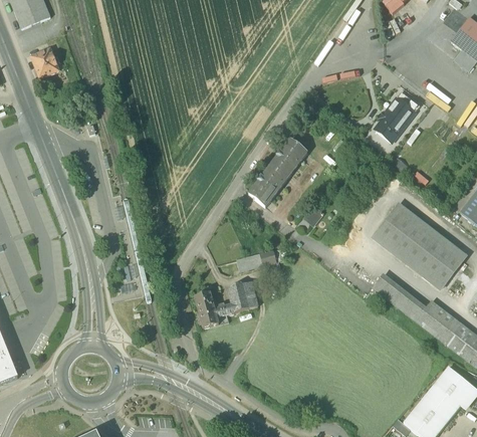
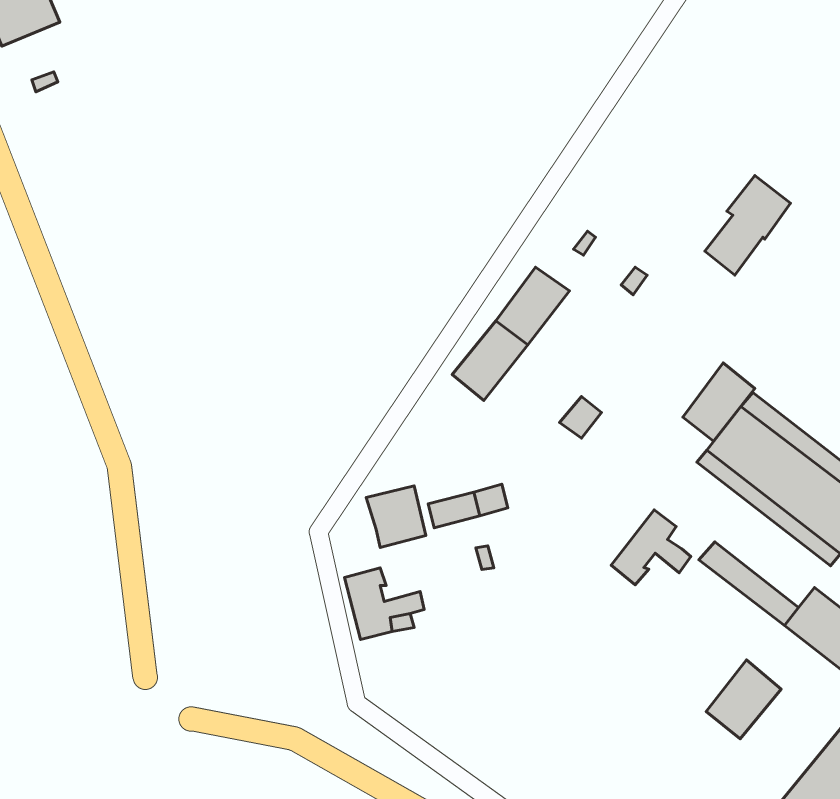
building: [31,47,59,76] -> none
building: none -> [683,363,755,441]
building: none -> [611,510,691,585]
building: [227,279,257,310] -> [366,486,426,547]
building: none -> [706,660,781,739]

